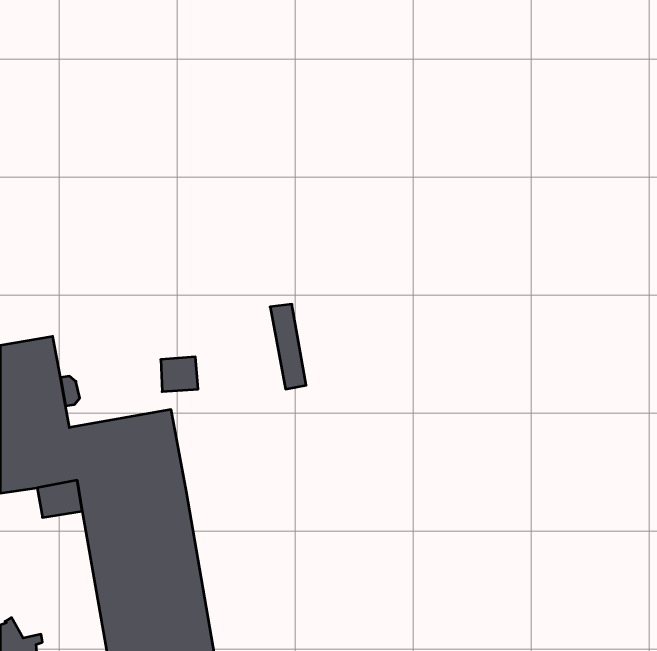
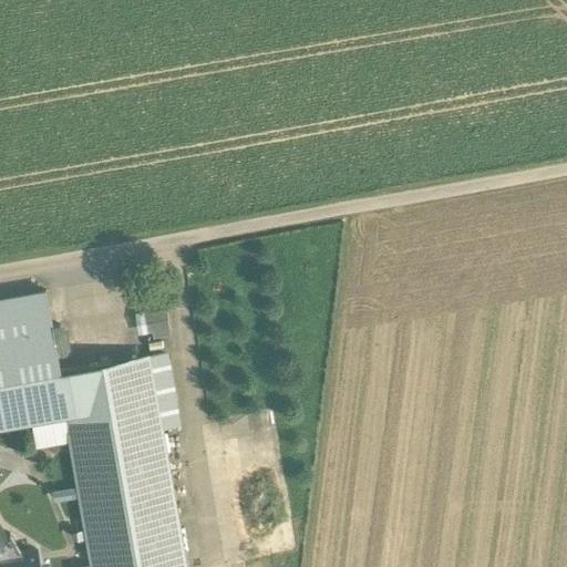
building: [270,304,306,389] -> [147,355,178,429]

